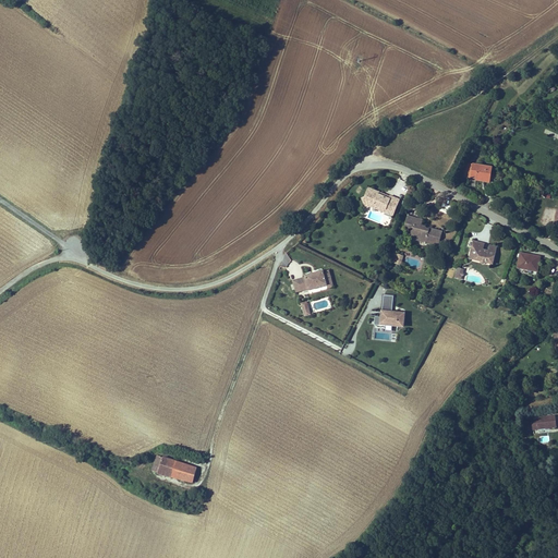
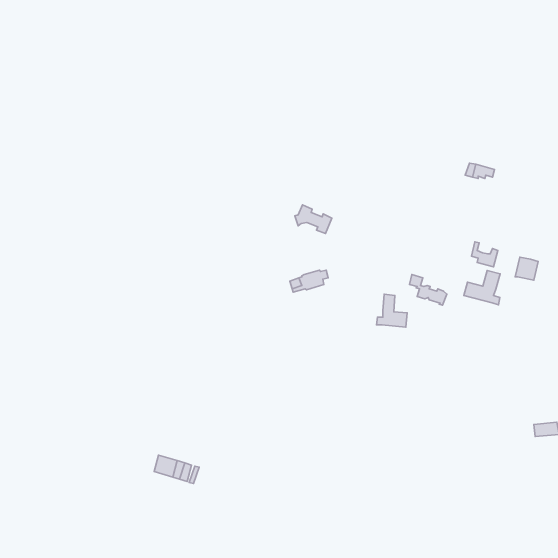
building: [361,185,398,214] -> [295,205,332,233]
building: [403,214,440,244] -> [410,275,447,305]
building: none -> [464,271,500,305]

